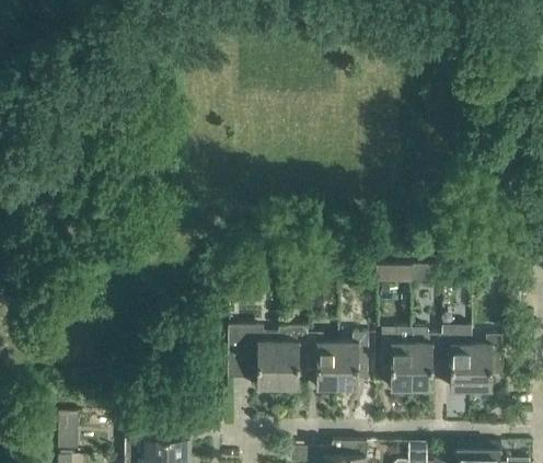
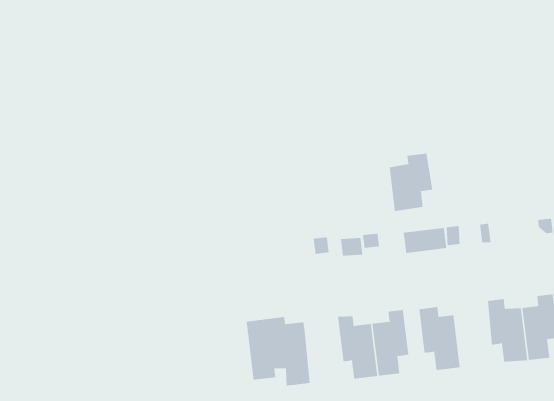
building: none -> [389,153,433,212]
building: [278,327,309,390] -> none
building: [412,335,442,391] -> none

